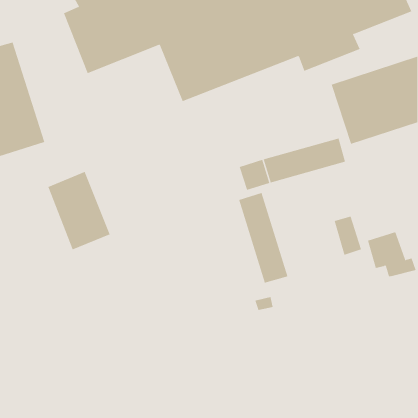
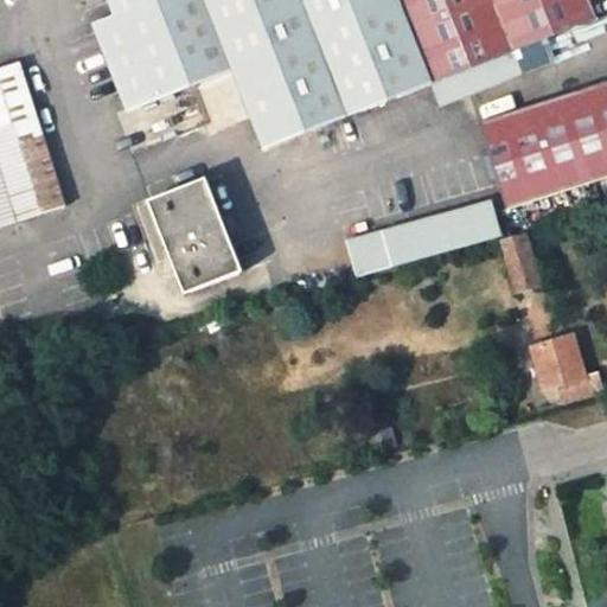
building: [47,171,111,250] -> [149,178,241,292]
building: [239,192,288,283] -> none
building: [334,216,362,255] -> [499,234,539,290]

